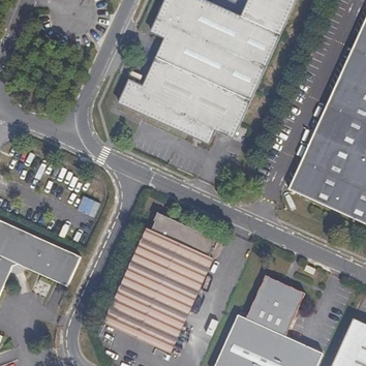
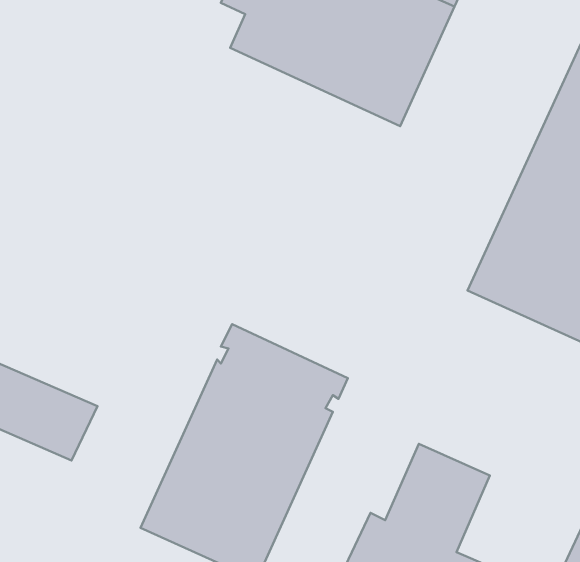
building: [119,56,251,144] -> none

